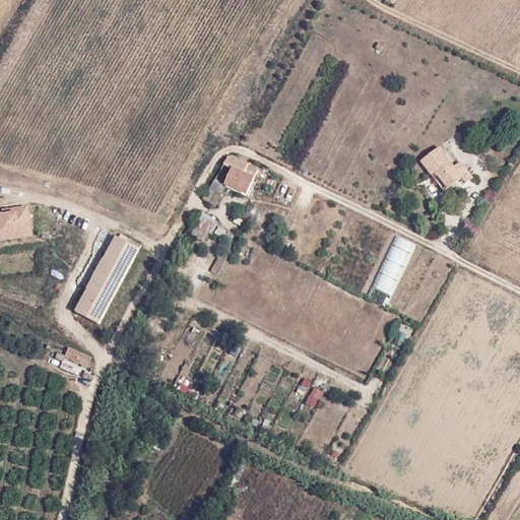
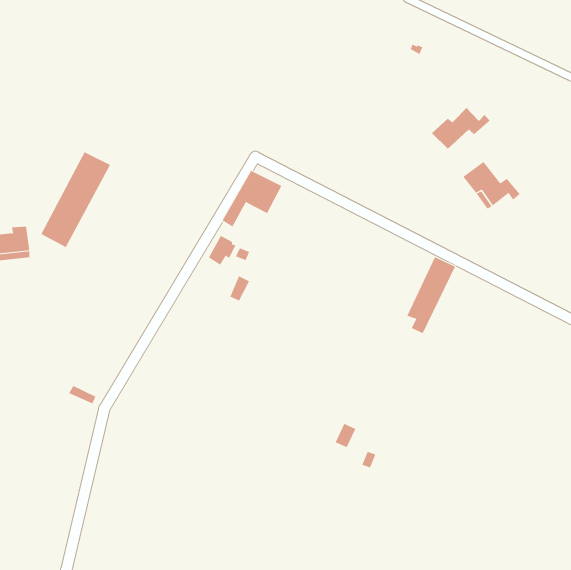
building: none -> [431,107,491,149]
building: [74,235,138,322] -> [40,151,111,248]

